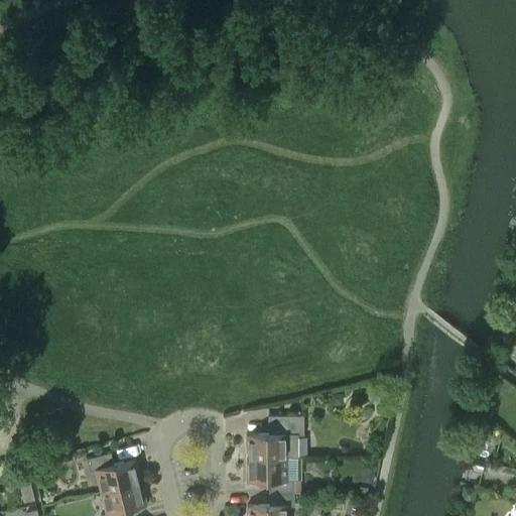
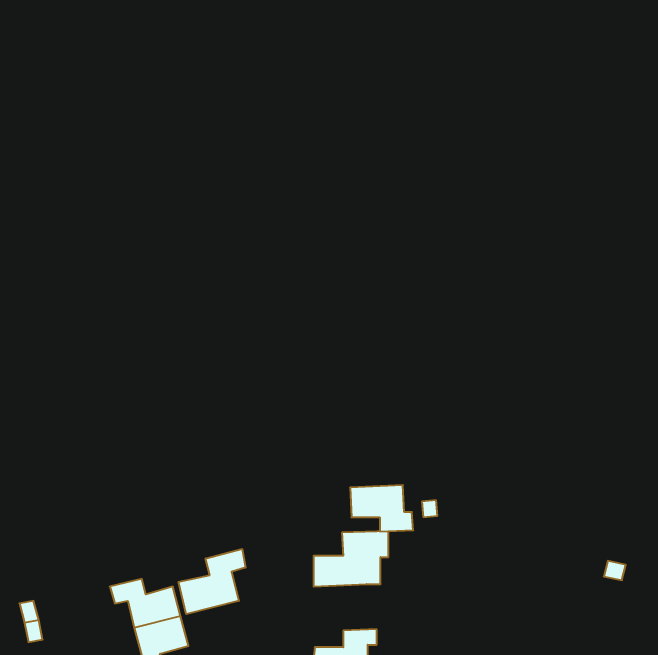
building: none -> [179,549,246,614]
building: [245,460,294,496] -> [350,485,413,531]

